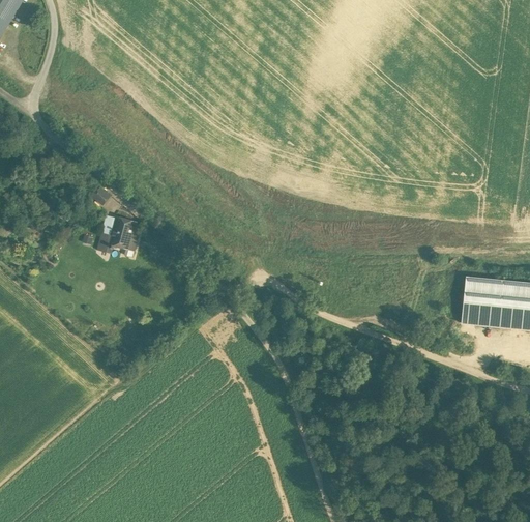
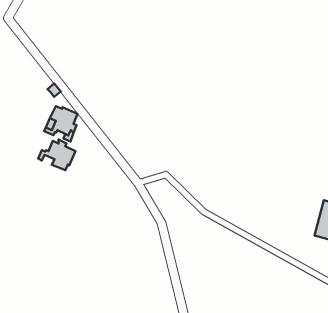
building: none -> [38,139,76,170]

